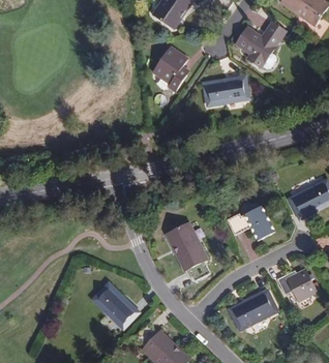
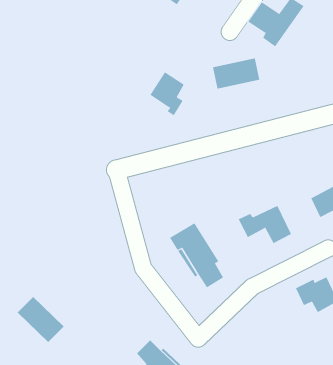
building: [156,47,187,86] -> [149,72,185,116]
building: [94,288,137,329] -> [17,296,65,343]
building: [230,291,274,328] -> none

